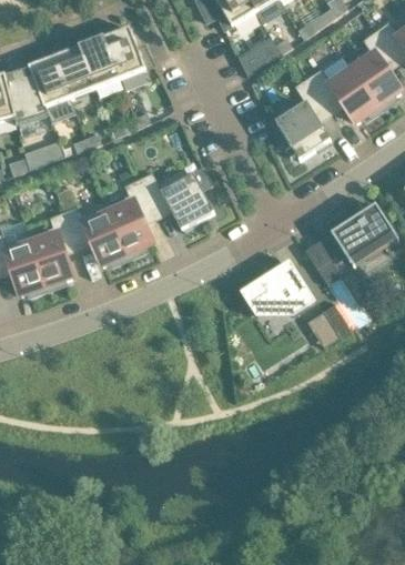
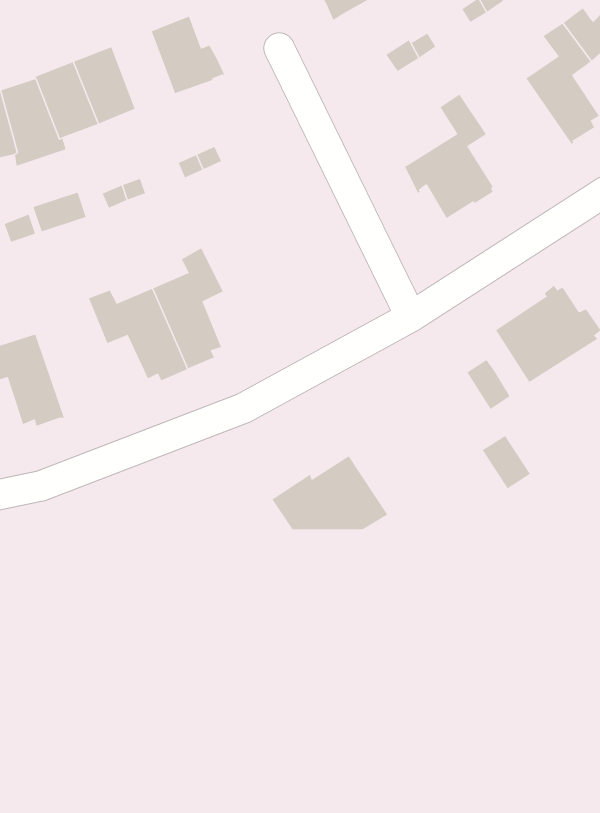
building: [79,37,120,88] -> none
building: [307,68,381,122] -> none
building: [138,168,214,231] -> none
building: [29,212,75,291] -> none
building: [240,263,316,312] -> [272,455,388,530]

